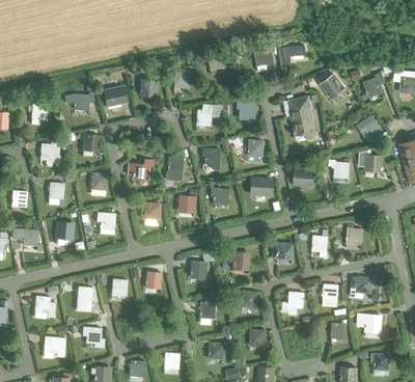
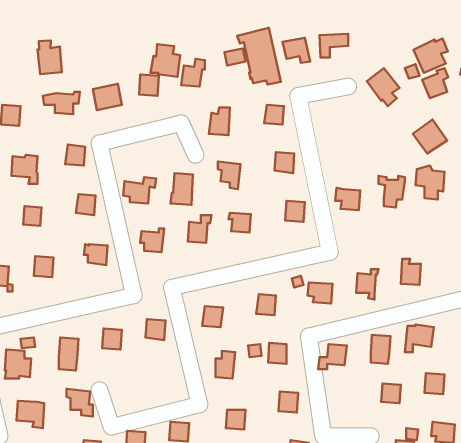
building: none -> [413,39,448,73]
building: none -> [37,41,62,74]
building: none -> [151,44,180,77]
building: [283,96,317,140] -> [237,28,281,84]

